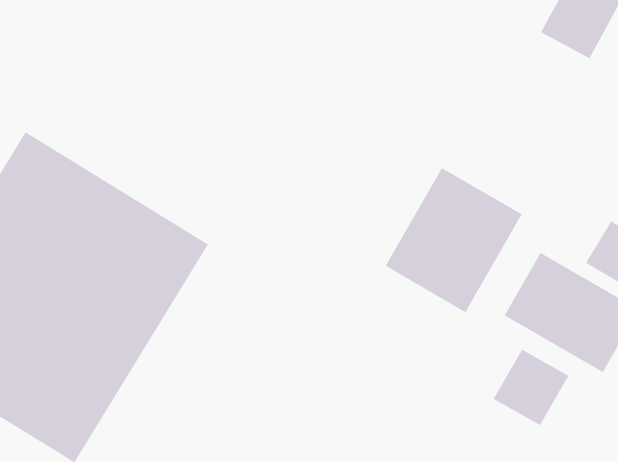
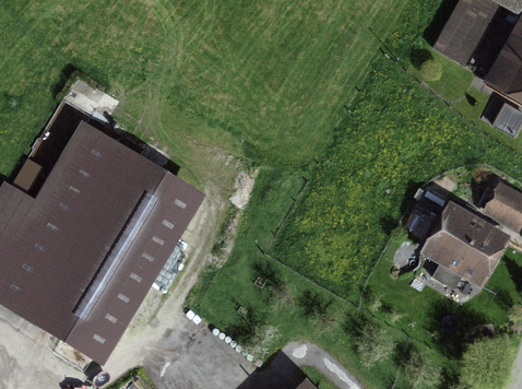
building: [385,167,523,313] -> none
building: [493,349,569,426] -> none

